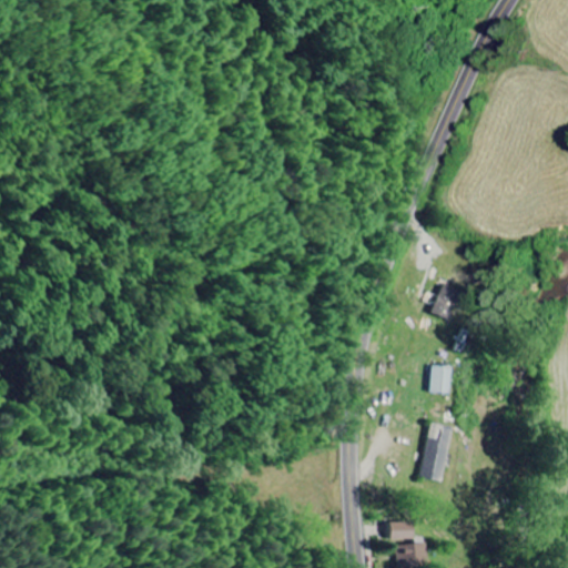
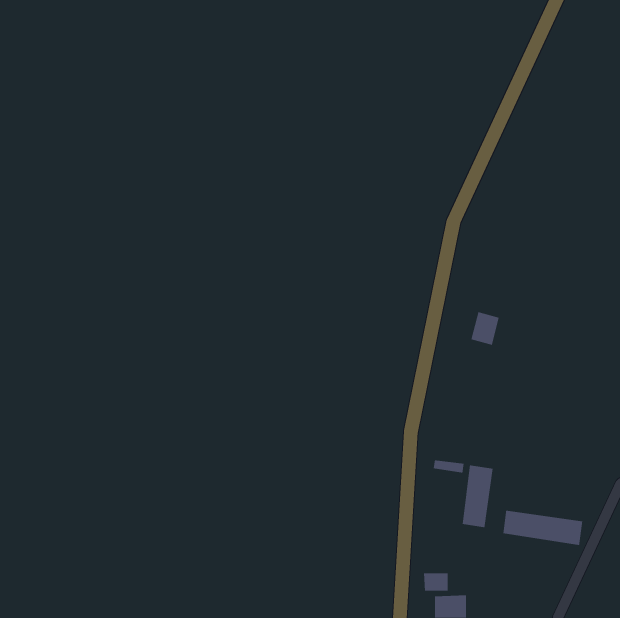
building: [432,365,452,393] -> none
building: none -> [503,510,583,546]

